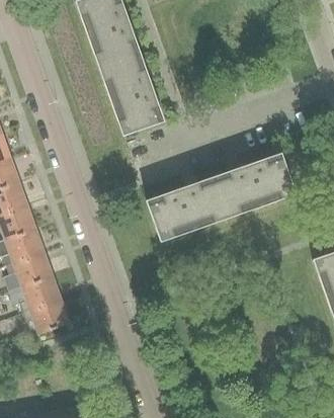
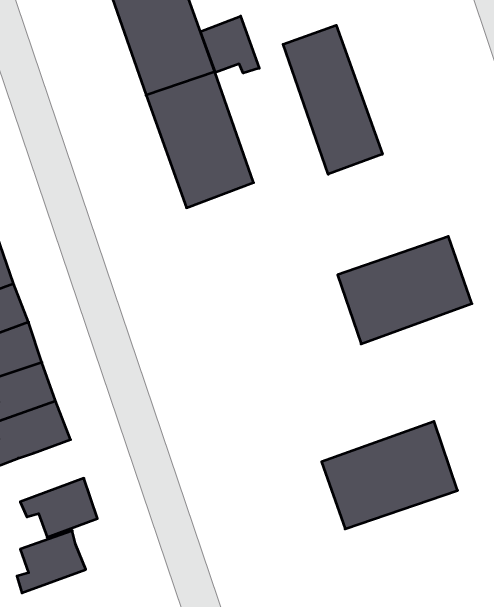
building: none -> [201,16,259,73]
building: none -> [283,25,382,174]
building: [146,177,228,242] -> [322,421,458,529]
building: [19,276,61,314] -> [17,531,86,593]

